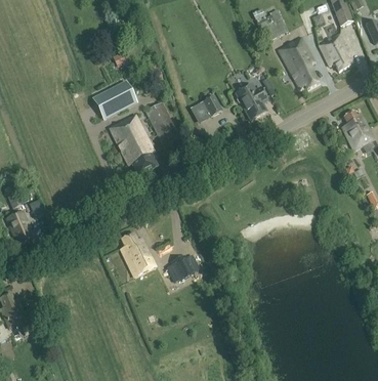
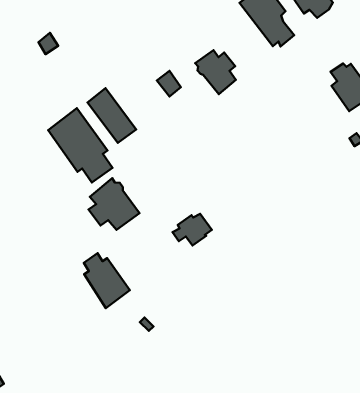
building: [96,82,135,116] -> none
building: none -> [89,178,140,230]
building: [167,255,199,280] -> [172,214,212,246]

